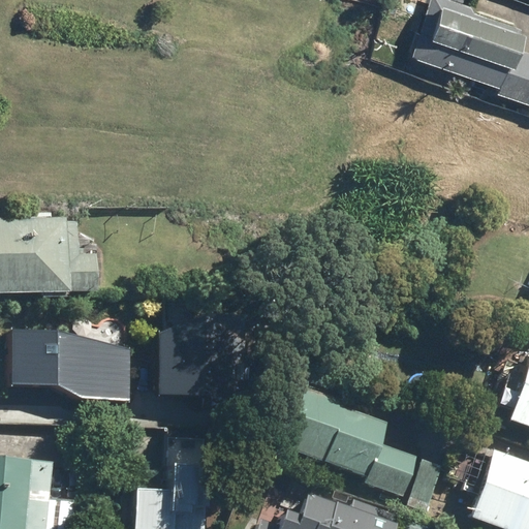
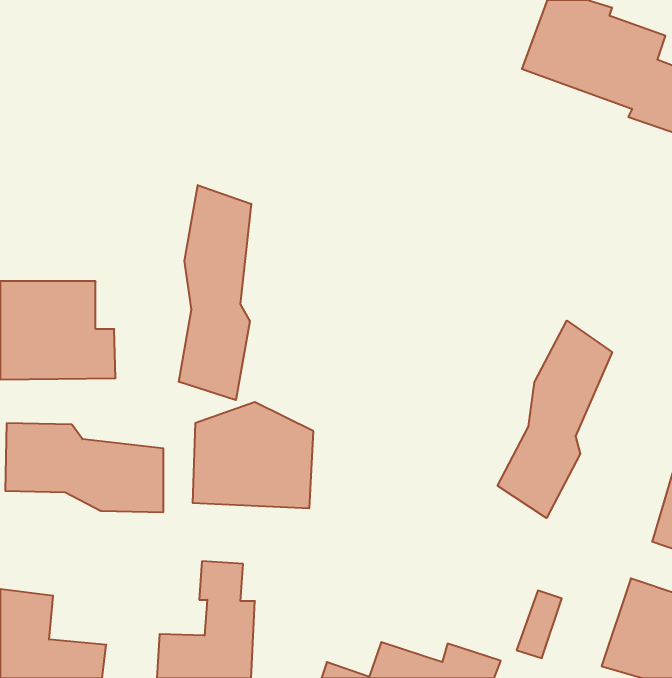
building: none -> [179,185,251,400]
building: none -> [498,321,612,518]
building: [274,385,416,496] -> none

